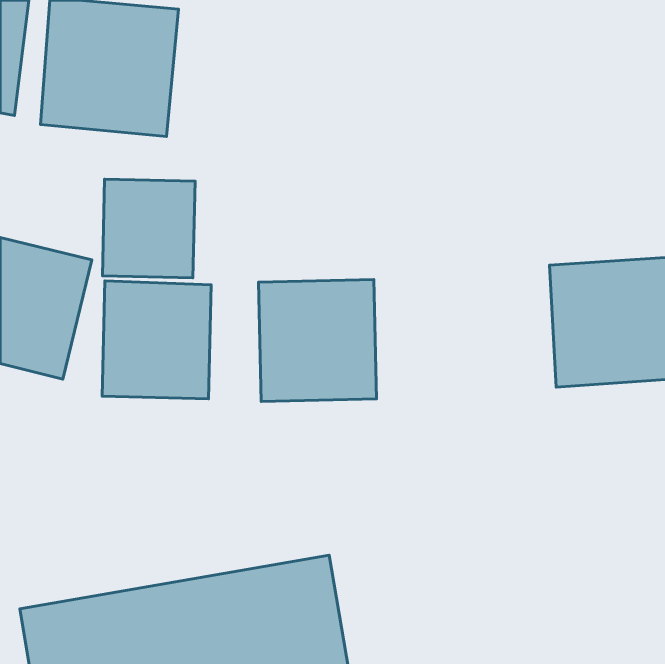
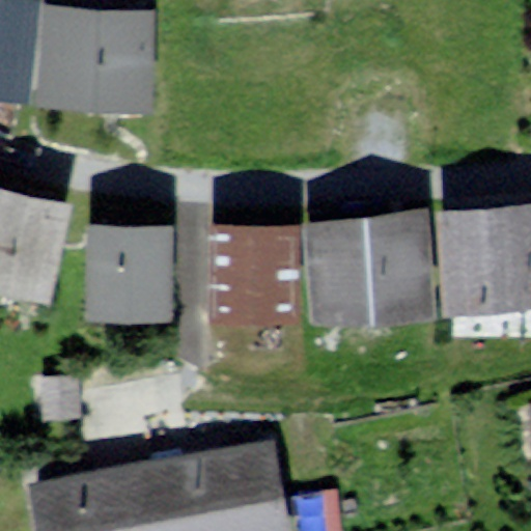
building: [102,179,195,278] -> none
building: none -> [306,218,435,324]

